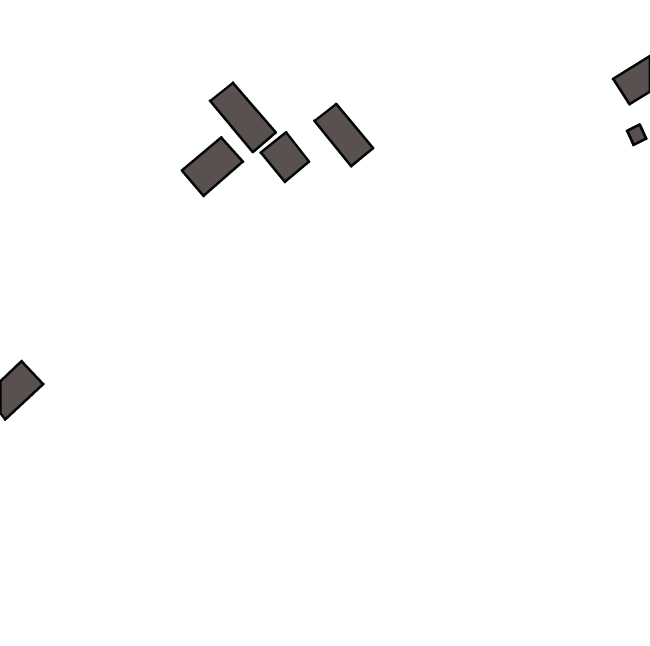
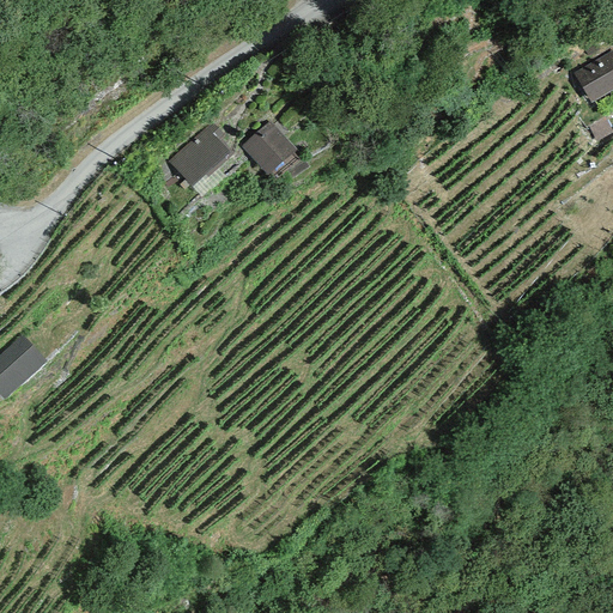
building: [210,83,276,152] -> none
building: [314,104,373,166] -> none

